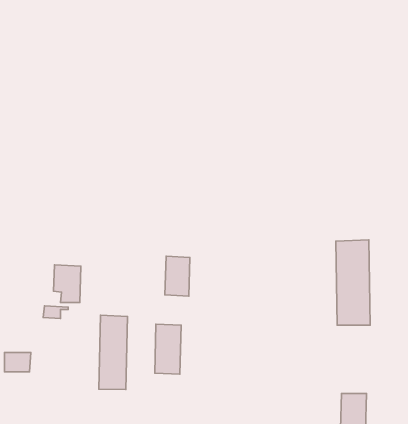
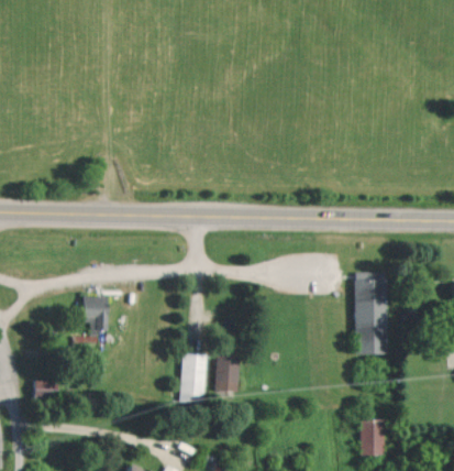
building: [165,256,190,296] -> [215,353,240,392]
building: [99,315,128,389] -> none

